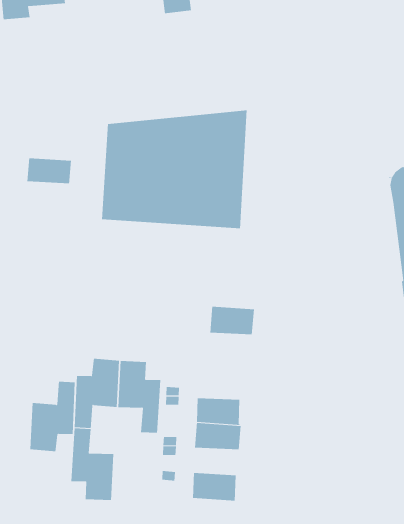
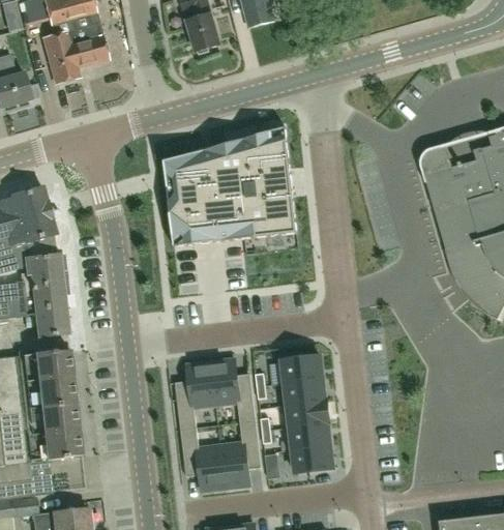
building: [27,158,71,184] -> none
building: [209,306,255,335] -> [283,356,323,384]
building: [30,381,76,452] -> [220,421,262,488]
building: none -> [290,423,331,450]

